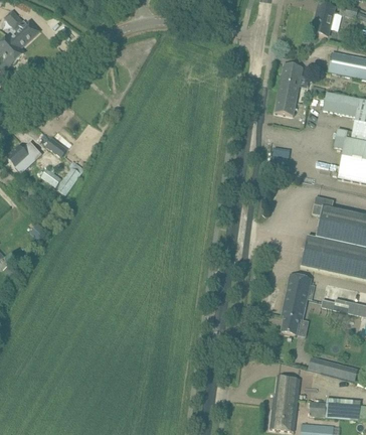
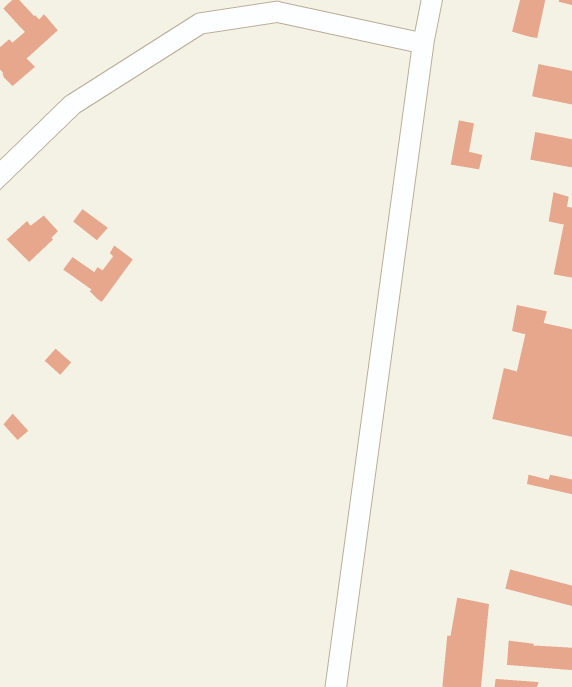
building: [280,62,302,106] -> none
building: [281,274,311,334] -> none

